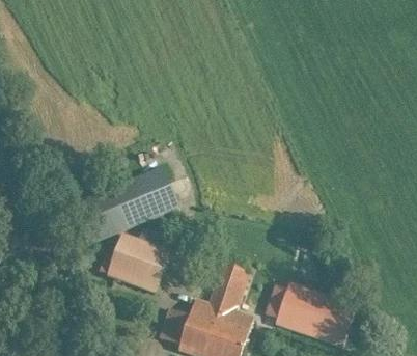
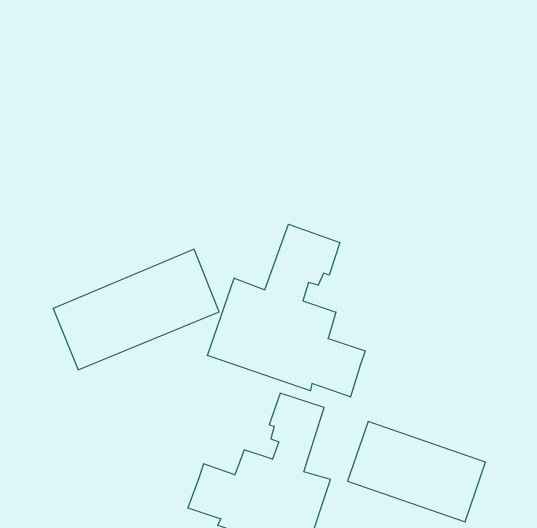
building: none -> [207,224,365,397]
building: [110,239,168,293] -> none

